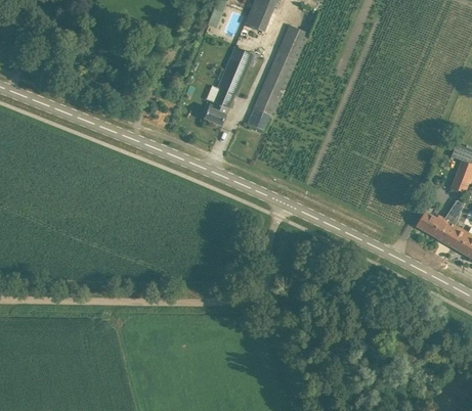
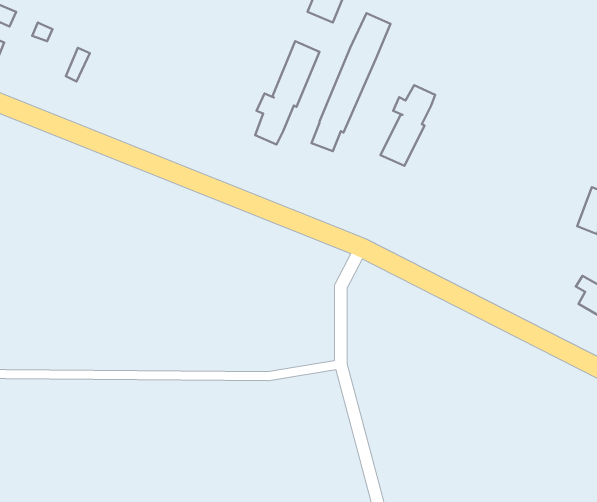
building: none -> [380,85,435,166]
building: [416,211,457,246] -> none

